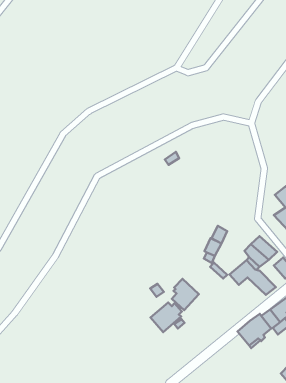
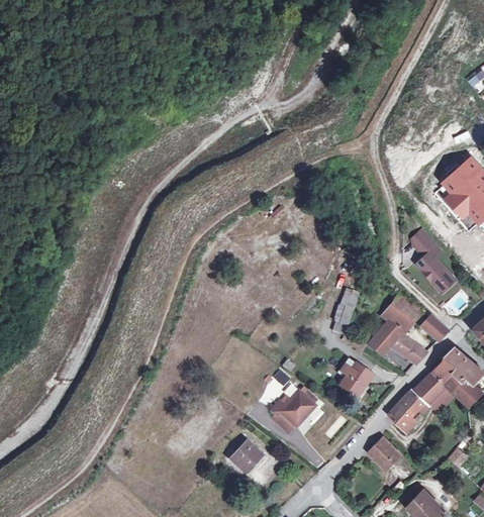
building: [172,279,199,310] -> [338,358,371,397]
building: none -> [229,440,261,472]
building: none -> [368,437,399,469]

